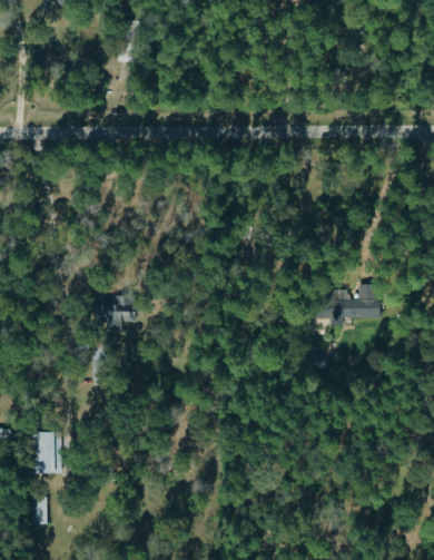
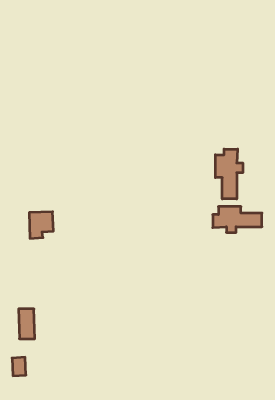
building: none -> [215,149,243,199]
building: [101,295,135,332] -> [29,212,53,238]

